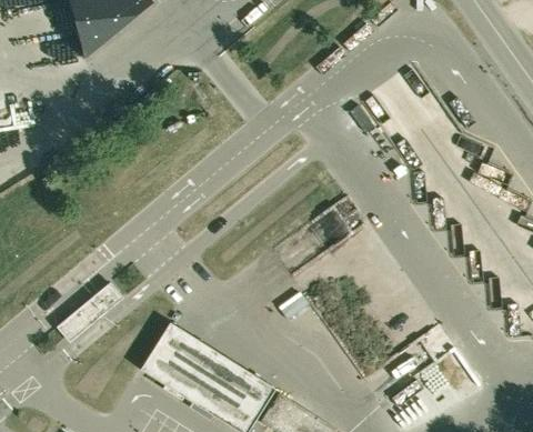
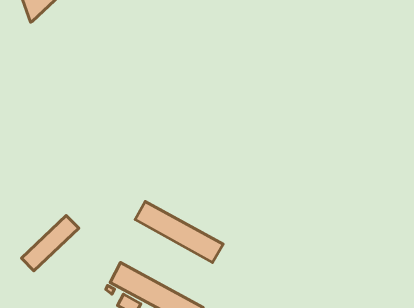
building: none -> [135,202,223,263]

